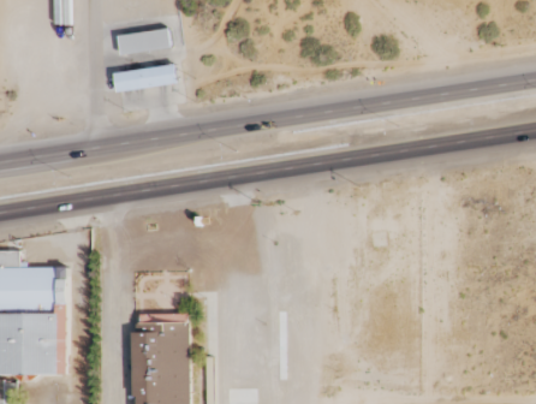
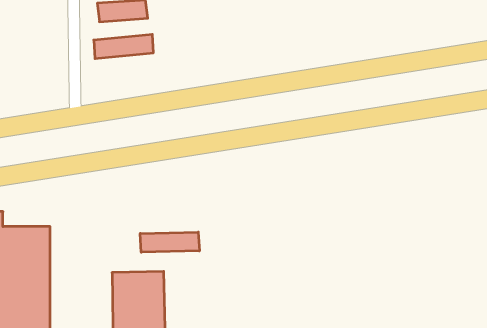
building: none -> [140,232,199,252]

